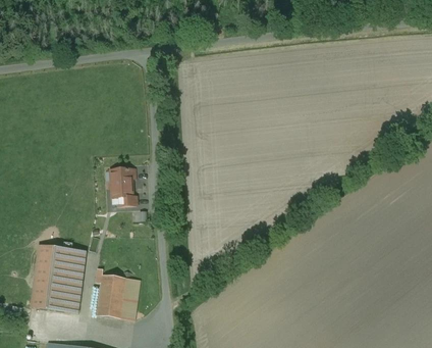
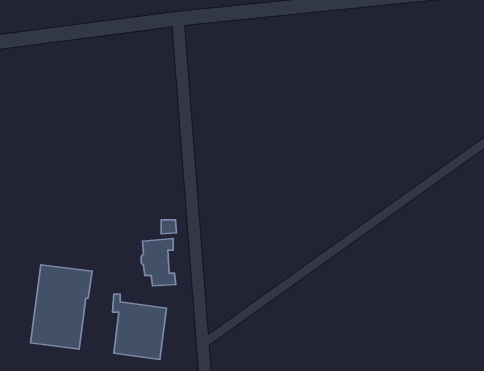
building: [110,167,138,205] -> [141,238,176,286]

